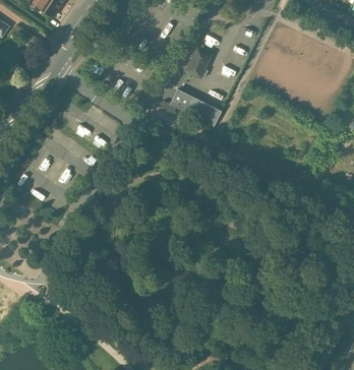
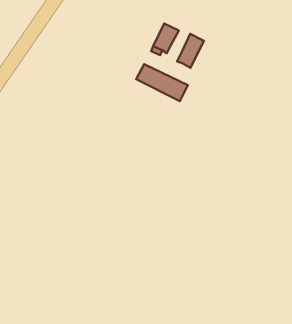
building: none -> [177,34,204,68]

